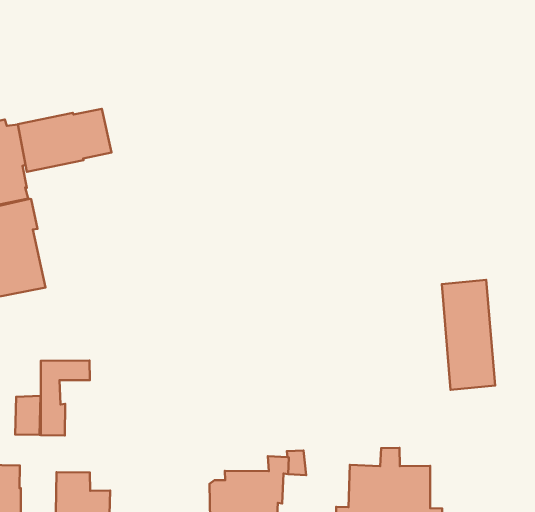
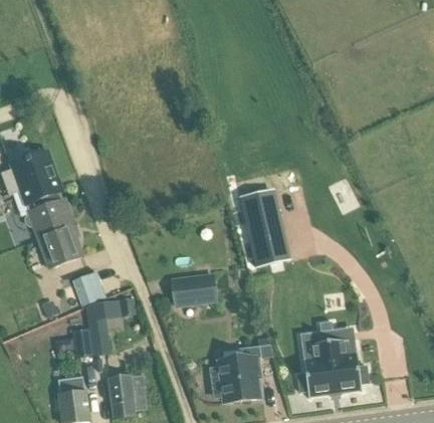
building: [18,109,111,172] -> none
building: [442,280,495,390] -> [241,190,286,266]
building: none -> [73,272,104,305]
building: none -> [174,276,217,307]

